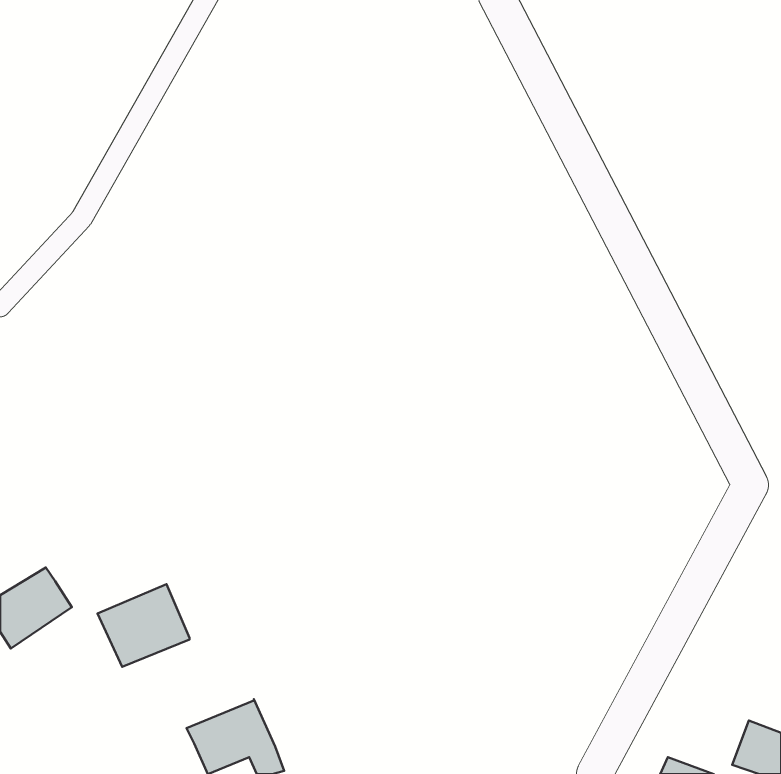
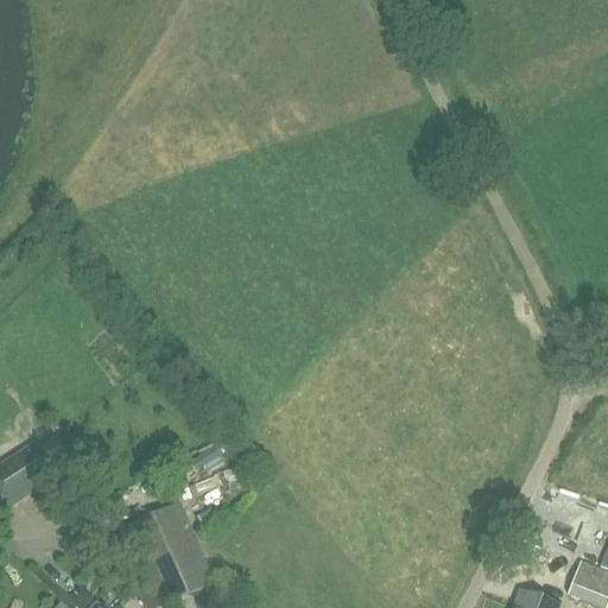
building: [98,584,189,667] -> [126,501,197,565]

